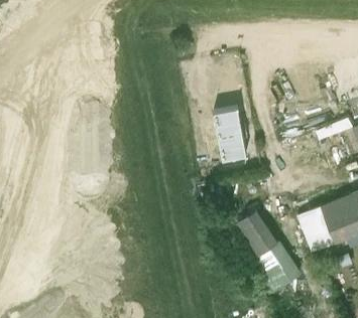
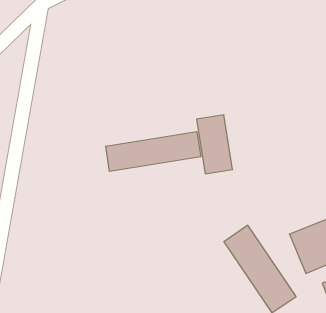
building: none -> [106,132,201,171]

